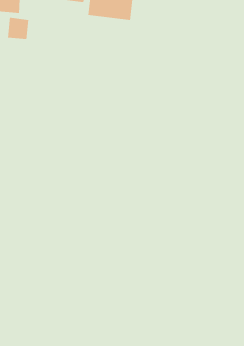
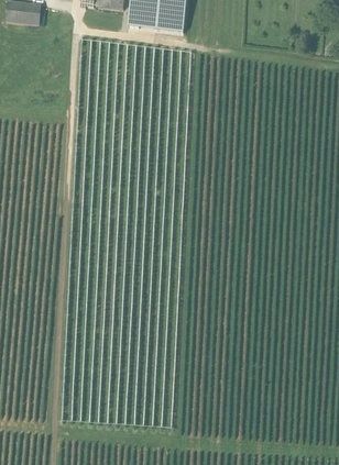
building: [8,17,29,40] -> none

